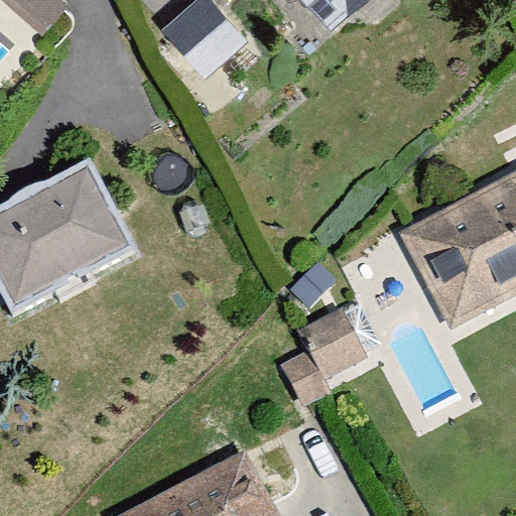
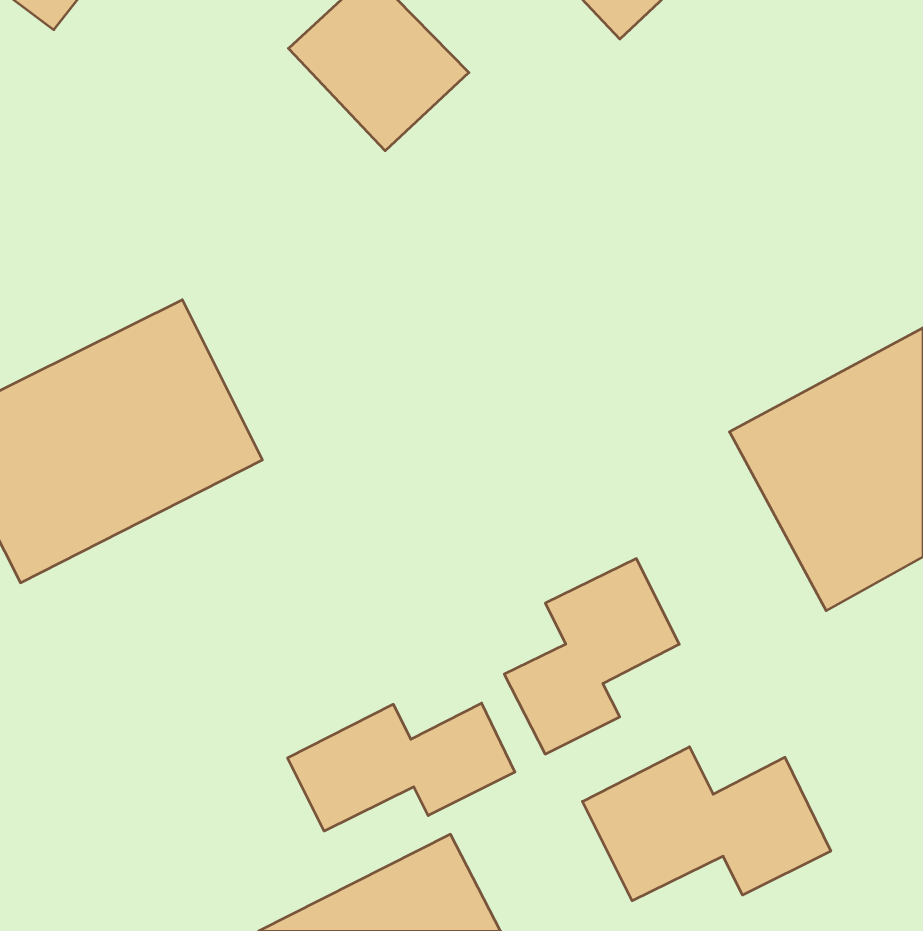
building: none -> [288,703,515,831]
building: none -> [582,747,831,901]

